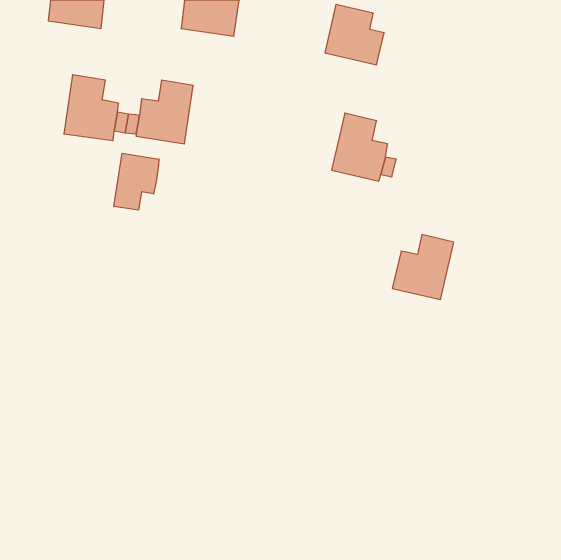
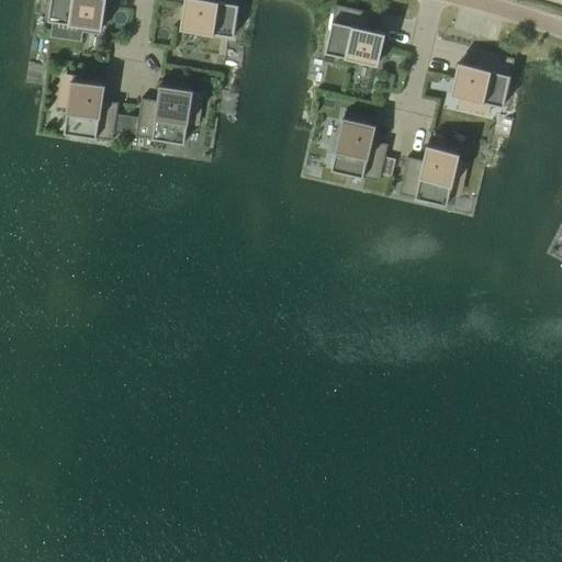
building: none -> [451,52,515,108]
building: [114,153,159,210] -> none
building: [392,235,454,299] -> [398,142,460,206]

